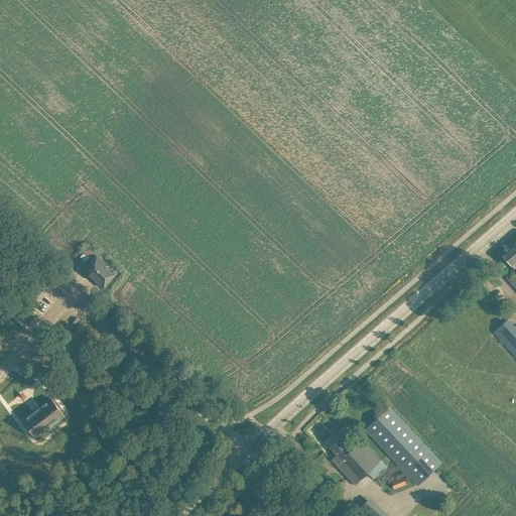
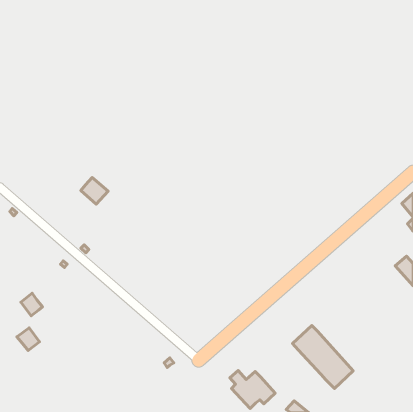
building: [84,255,118,288] -> [81,177,108,204]
building: [36,399,63,427] -> [21,293,43,316]
building: [330,438,386,486] -> [230,371,275,409]

